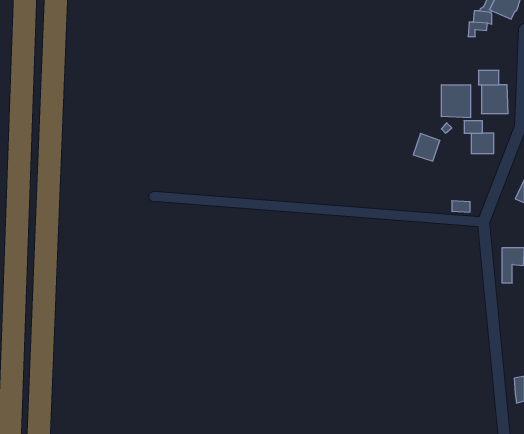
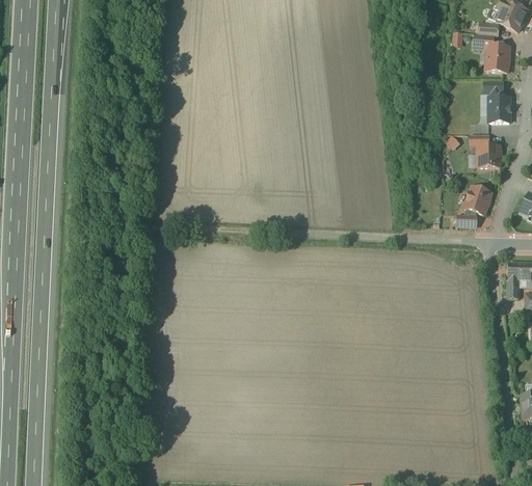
building: none -> [485,46,509,73]
building: [441,85,471,118] -> none
building: [413,133,440,161] -> [464,186,491,214]

